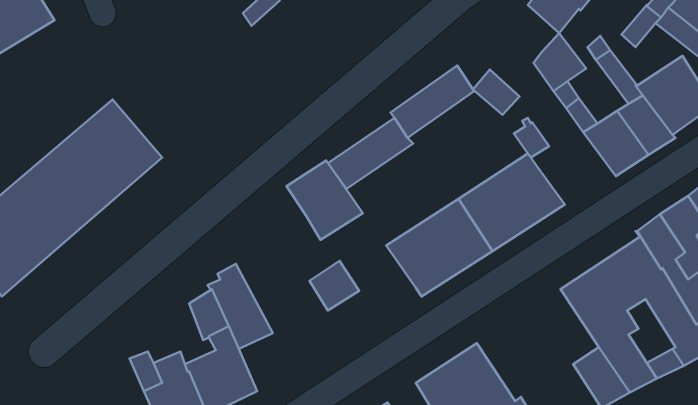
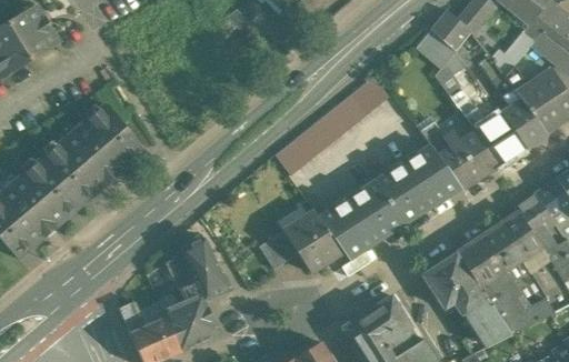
building: [473,70,520,115] -> [418,31,455,67]
building: none -> [438,135,495,189]
building: [286,161,363,240] -> [282,211,342,273]
building: none -> [422,253,486,314]

